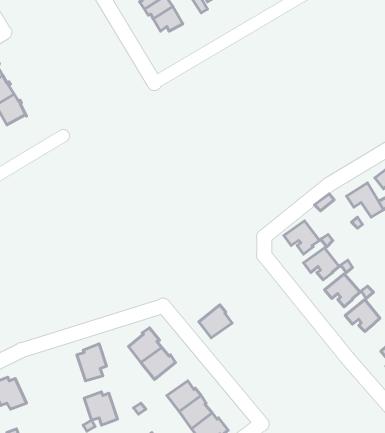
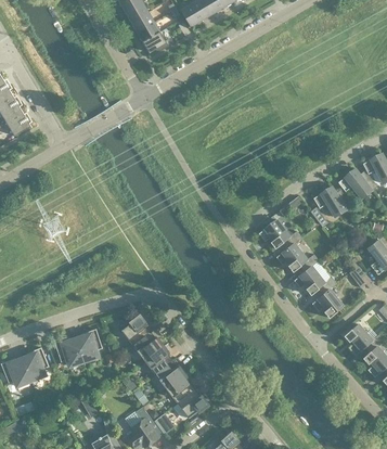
building: [199,305,232,338] -> [143,345,172,374]
building: none -> [21,347,48,381]
building: [84,392,117,425] -> [53,337,82,367]

